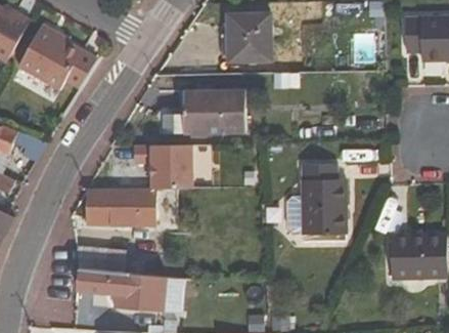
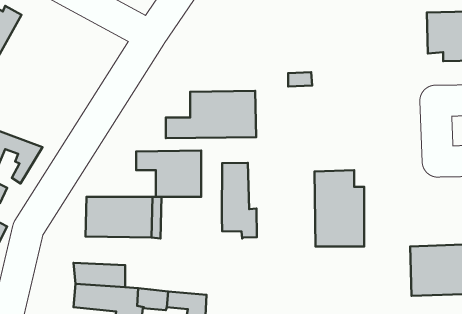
building: [227,14,271,63] -> none
building: [17,24,96,89] -> none
building: none -> [222,163,257,239]

